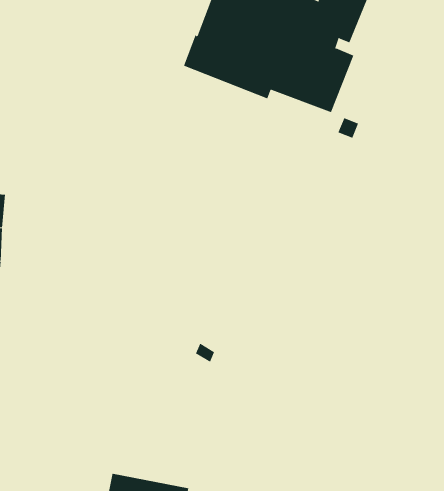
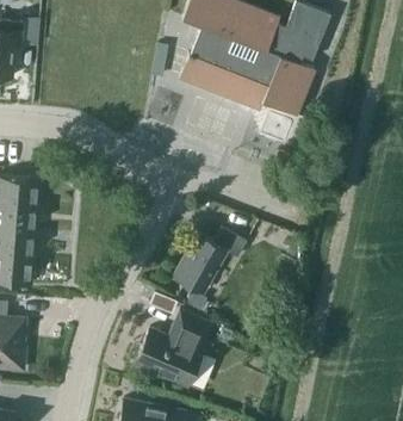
building: none -> [175,228,247,292]
building: none -> [135,311,211,386]

